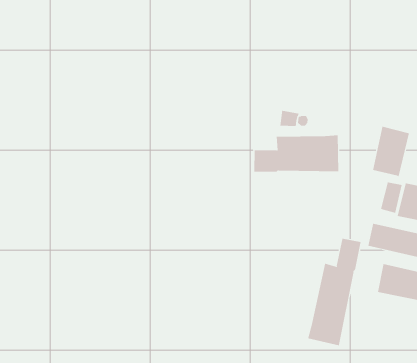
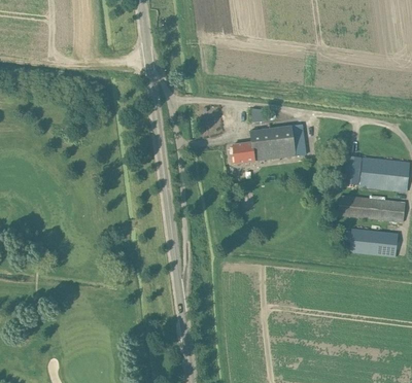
building: [373,126,410,177] -> none
building: [307,238,361,346] -> none

